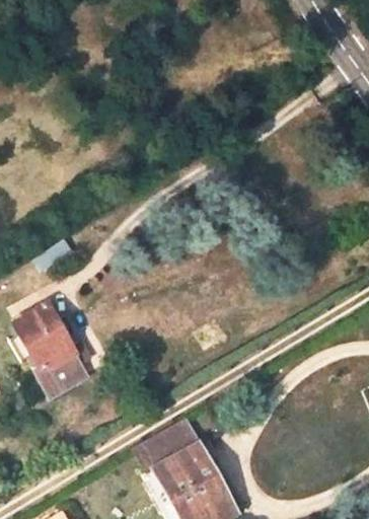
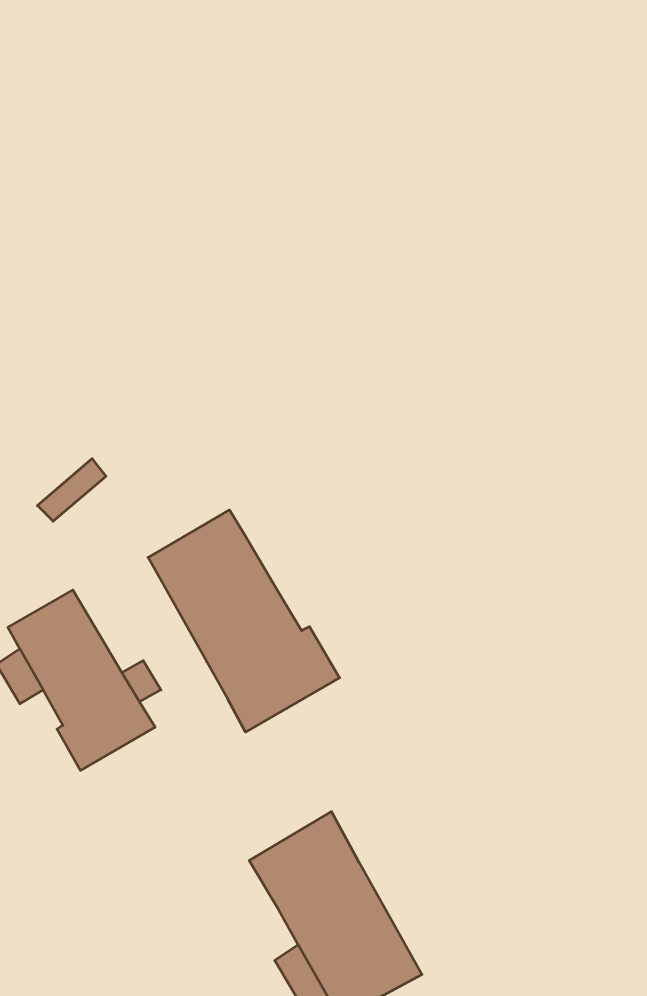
building: none -> [148,510,340,732]

